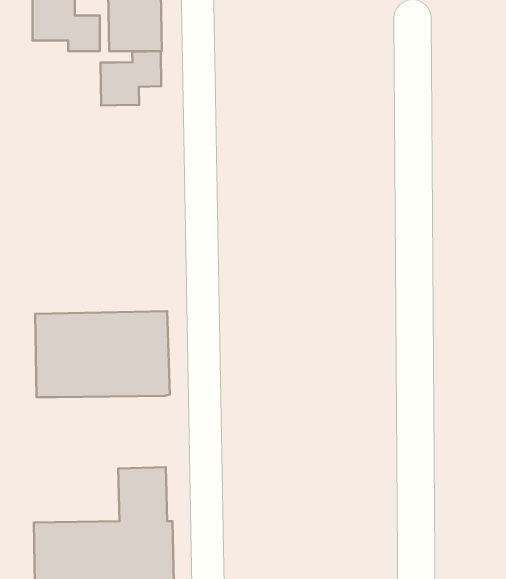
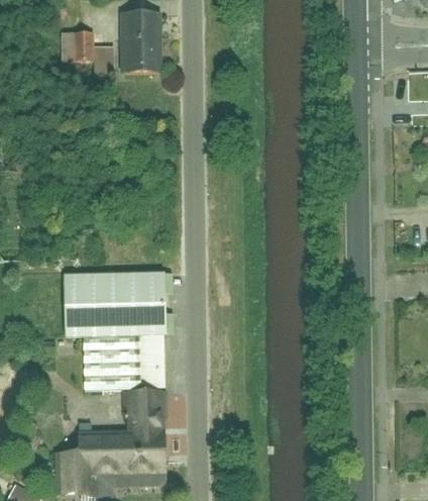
building: [100,51,161,106] -> none
building: none -> [81,336,165,393]

